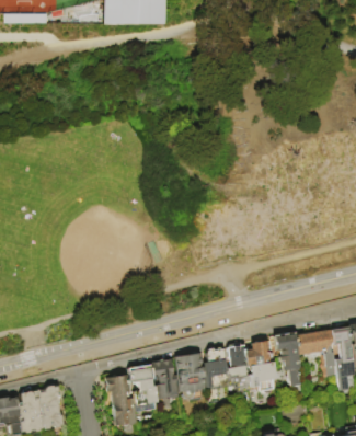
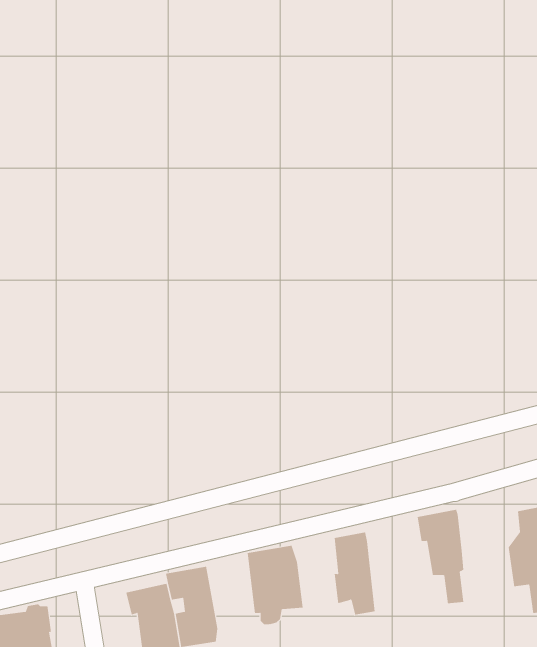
building: [297,329,332,355] -> none
building: [244,340,275,392] -> none
building: [204,347,227,388] -> none
building: [151,359,179,400] -> none

